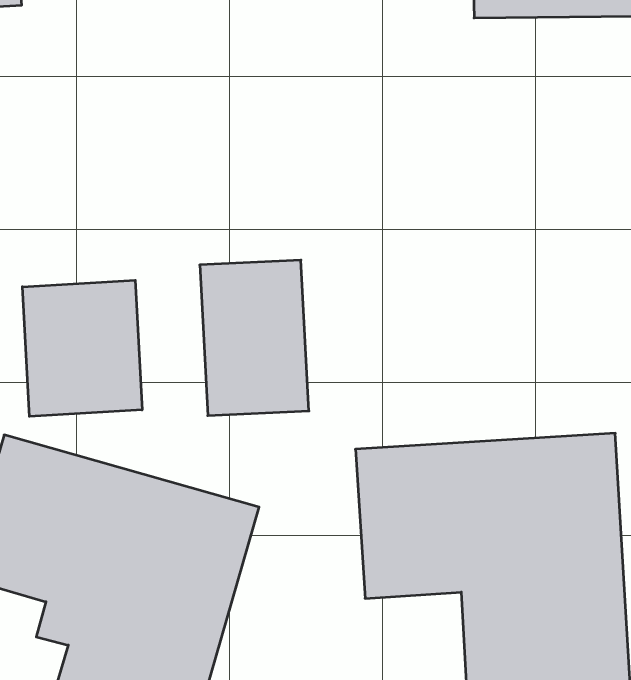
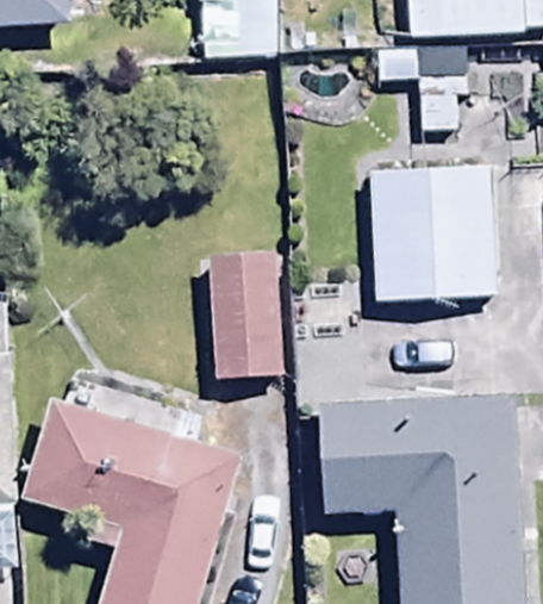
building: none -> [370,144,498,286]
building: [22,280,142,416] -> none

